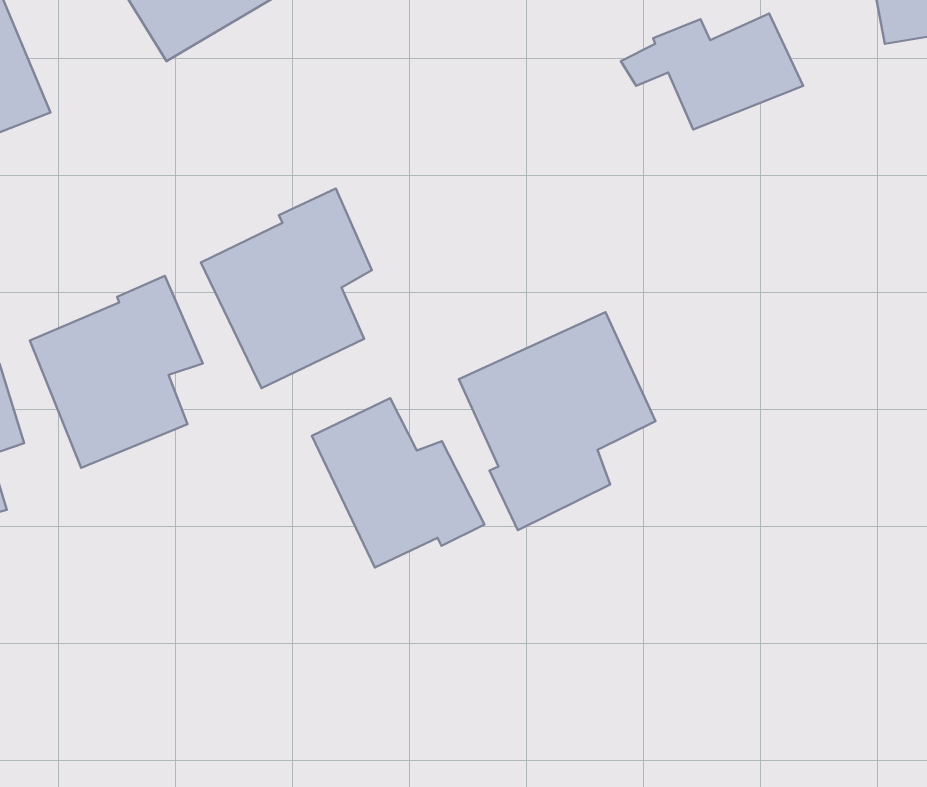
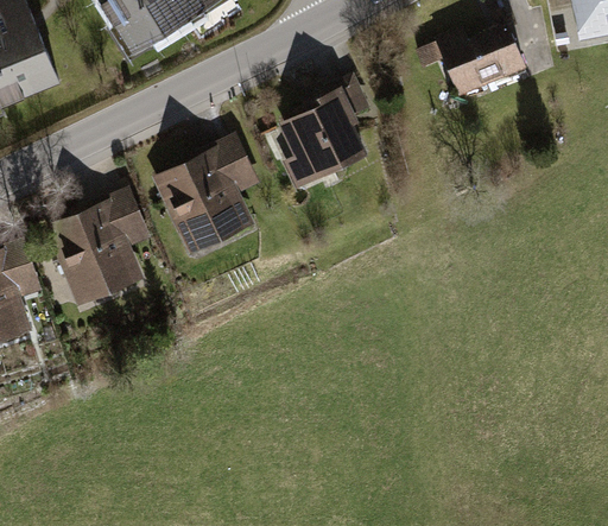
building: none -> [279,74,370,188]
building: [459,312,656,530] -> none
building: [312,398,484,568] -> none

